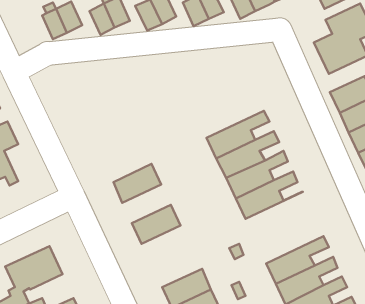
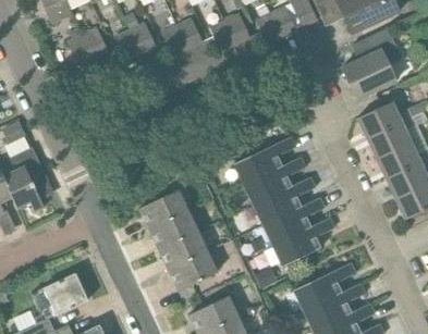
building: none -> [148,210,197,249]
building: none -> [272,218,334,265]
building: none -> [168,251,217,290]

